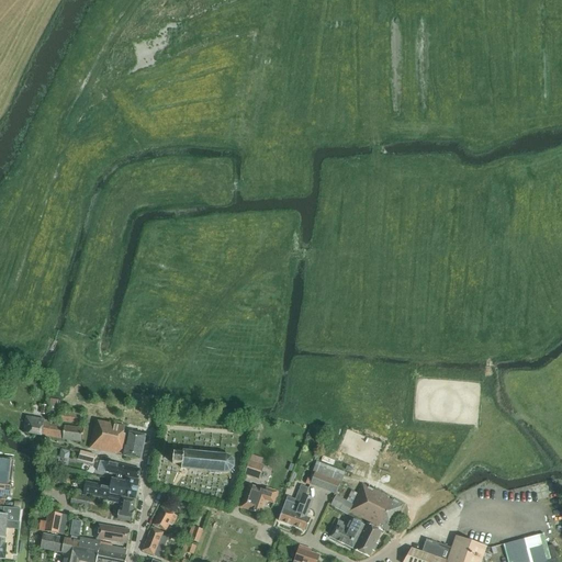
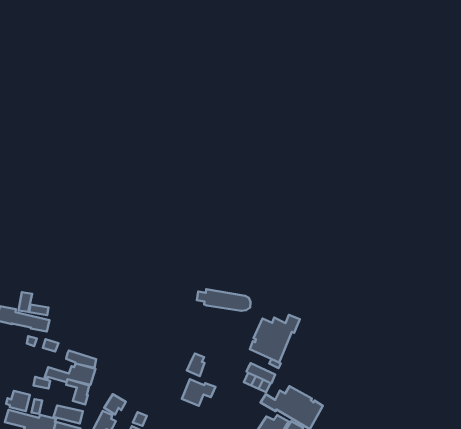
building: none -> [250,315,300,363]
building: [89,420,144,459] -> none
building: [171,450,233,472] -> [197,289,251,311]
building: [277,494,312,530] -> none

